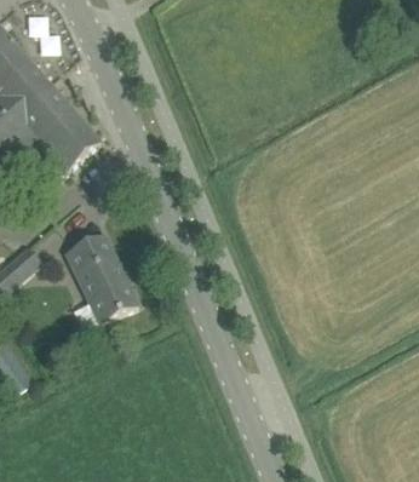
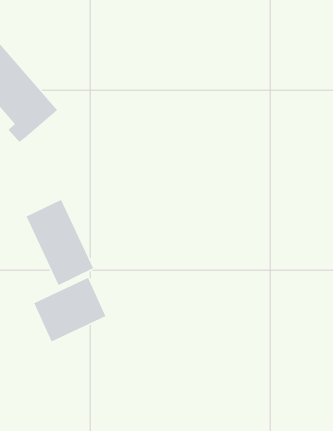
building: none -> [33,277,106,342]

